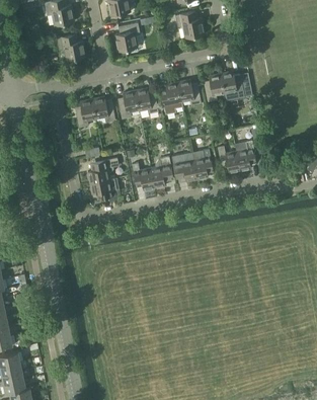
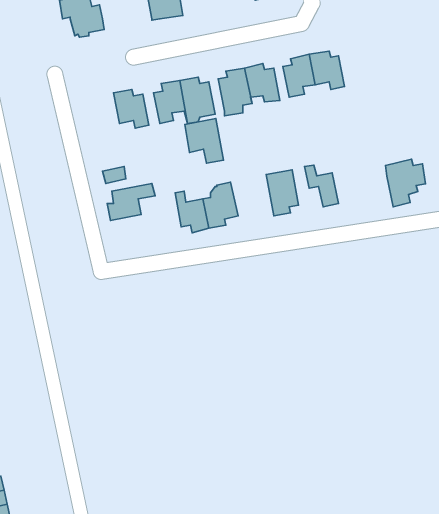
building: [75,100,96,130] -> none
building: [235,142,261,173] -> [385,159,425,207]
building: [172,154,197,183] -> [185,118,223,163]
building: [90,180,121,201] -> none

